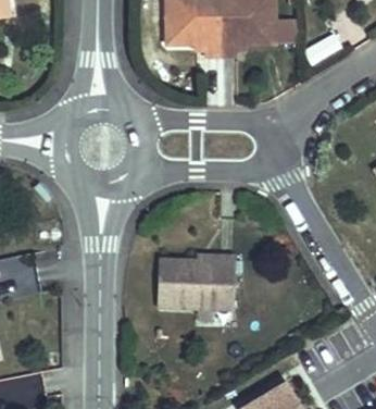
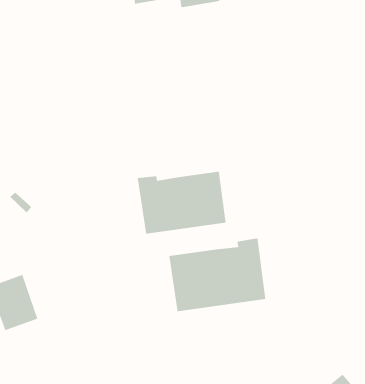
building: none -> [137,171,226,235]

